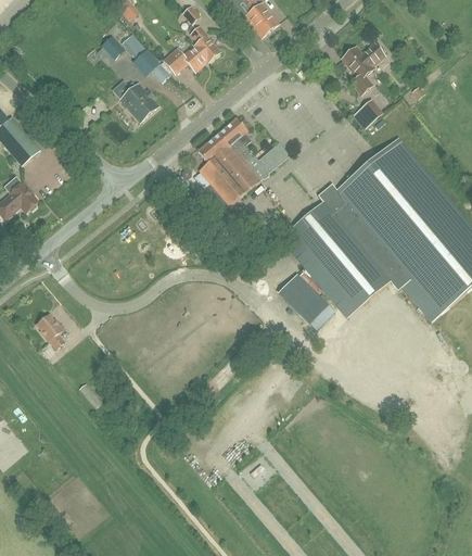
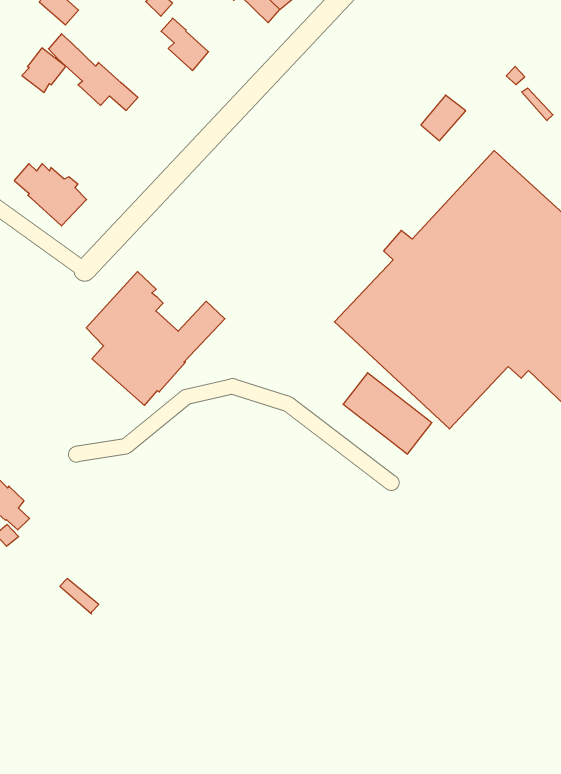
building: [342,43,383,93] -> none
building: [163,46,206,74] -> none
building: [112,78,157,122] -> [14,164,87,226]
building: [197,117,289,205] -> [86,272,225,405]

